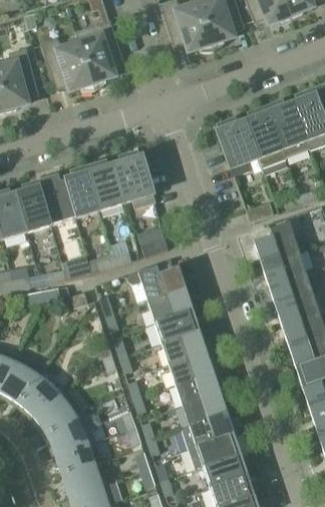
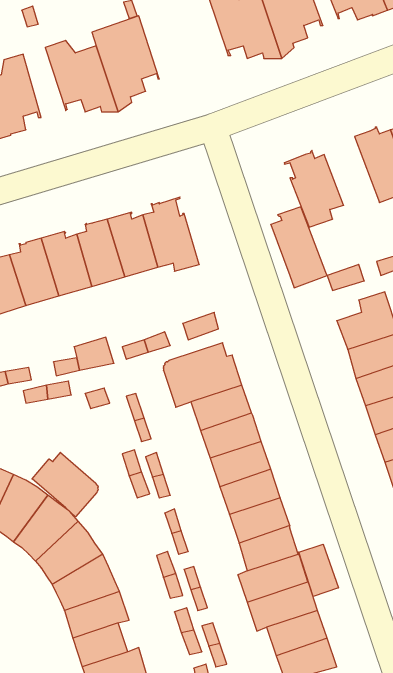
building: [245,108,286,167] -> [271,207,327,288]
building: none -> [32,452,98,517]
building: none -> [299,544,338,597]

